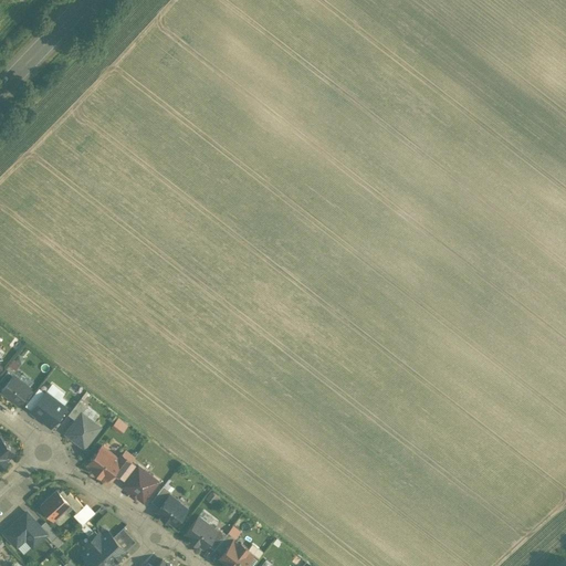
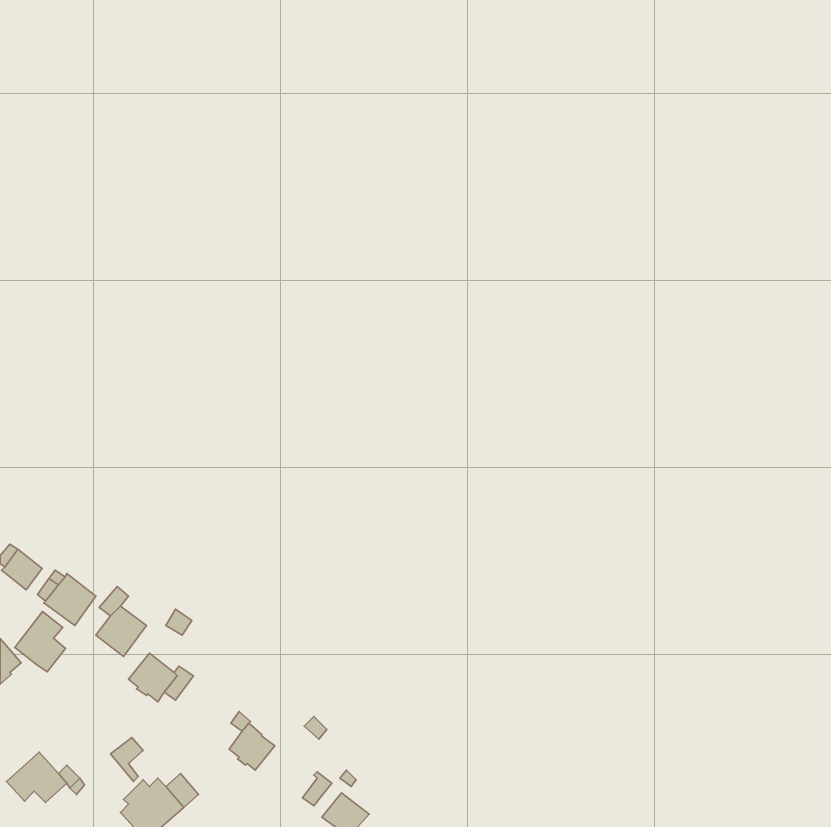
building: none -> [15,612,65,672]
building: [123,467,158,502] -> none
building: [40,491,70,521] -> none
building: [185,517,216,548] -> none

